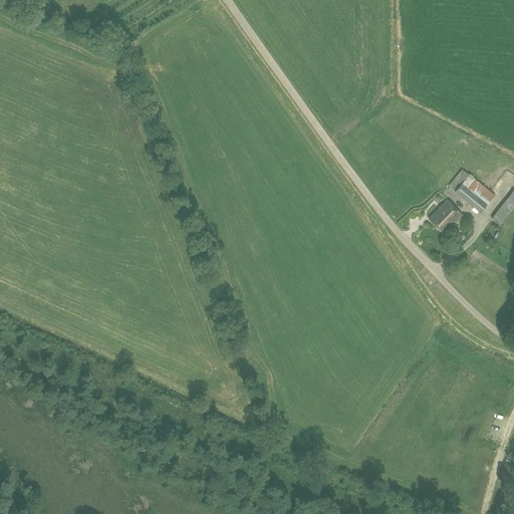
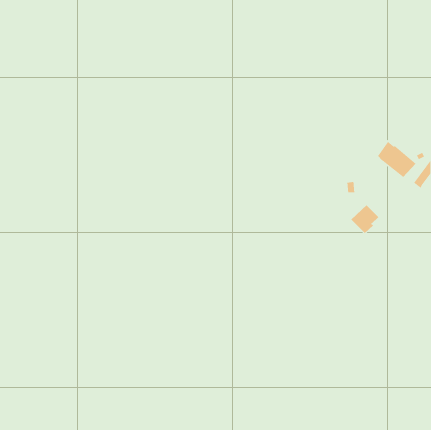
building: [429,200,463,235] -> [350,204,379,234]

